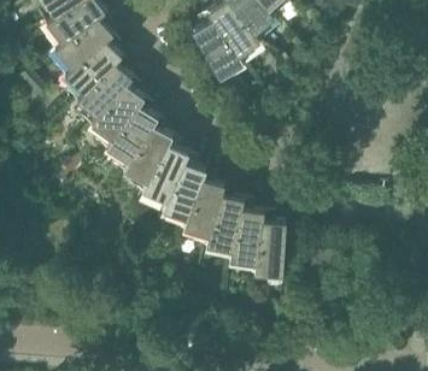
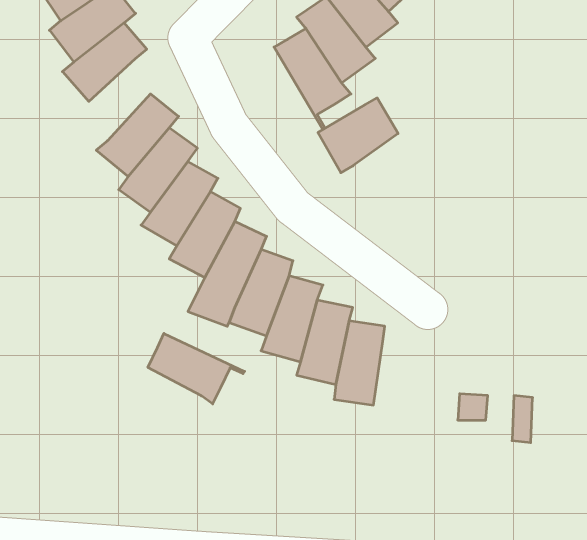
building: [66,42,121,95] -> none
building: none -> [318,98,398,173]
building: none -> [148,333,245,404]
building: [256,224,286,285] -> none

